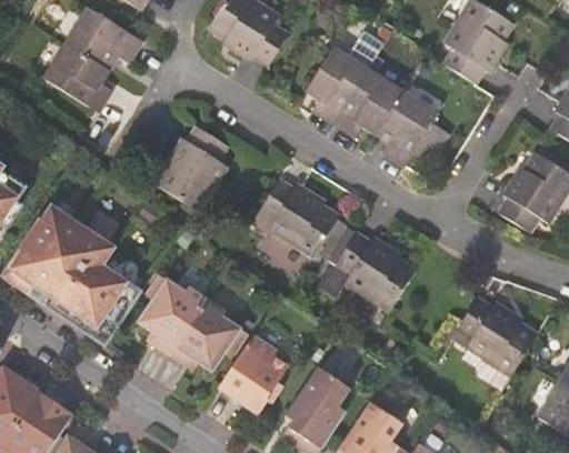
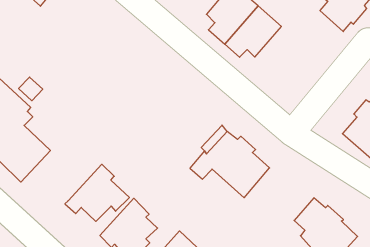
building: [375,90,438,167] -> none
building: [156,124,226,210] -> none
building: [253,179,336,254] -> none
building: [138,274,207,354] -> none

